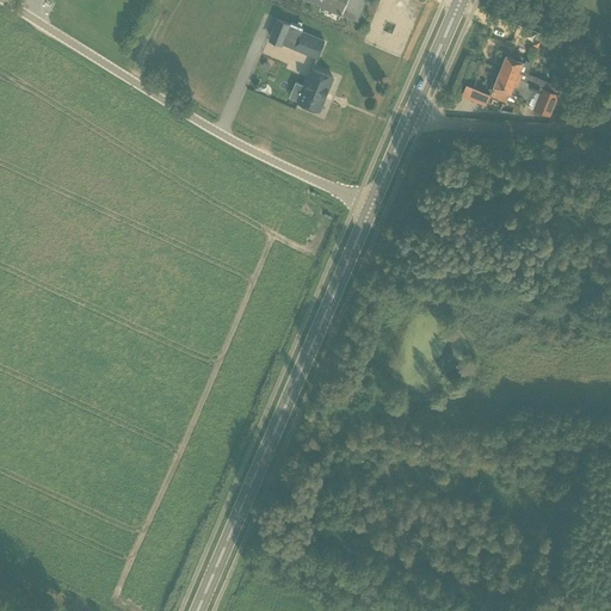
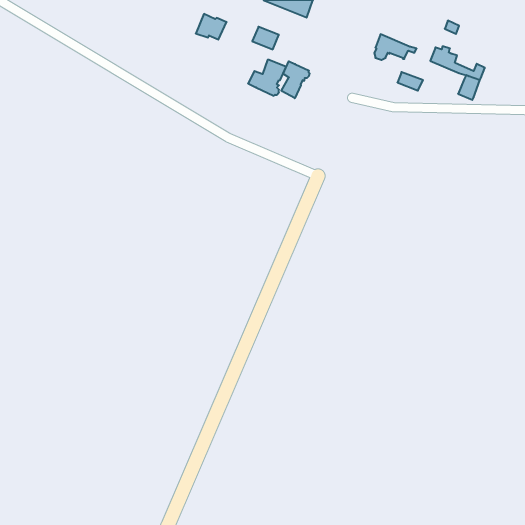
building: [266,19,302,49] -> [196,14,227,40]
building: [492,72,541,101] -> [374,34,417,60]
building: none -> [281,61,309,98]

